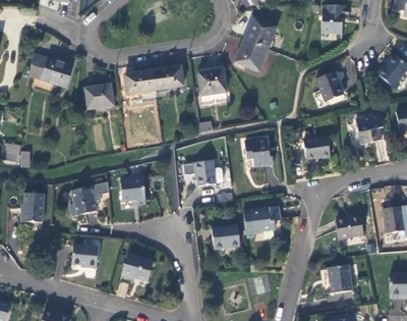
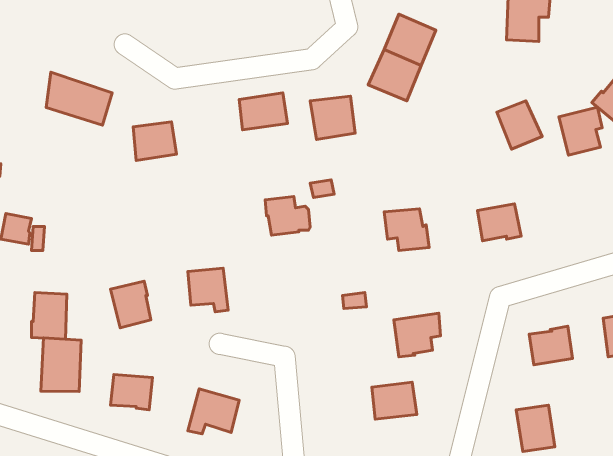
building: [124,70,155,94] -> none
building: [355,114,383,145] -> [559,107,602,155]
building: [194,161,223,185] -> [265,197,310,235]
building: none -> [41,338,81,391]
building: [212,225,240,249] -> [372,382,417,419]

